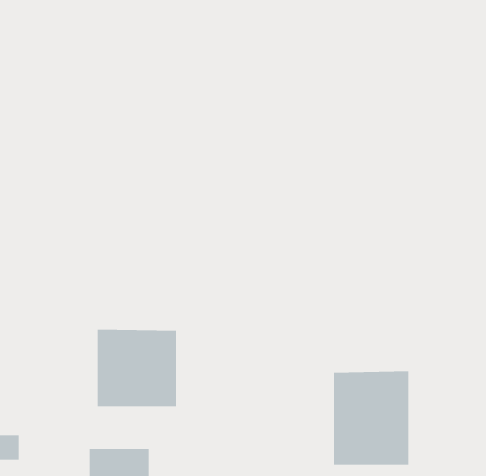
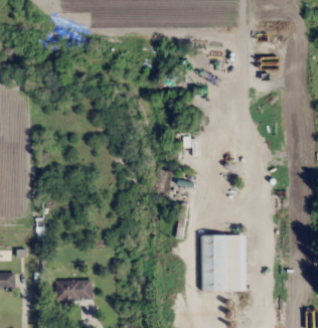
building: [97,329,176,407] -> none

